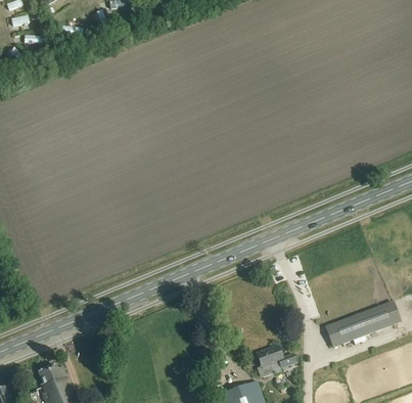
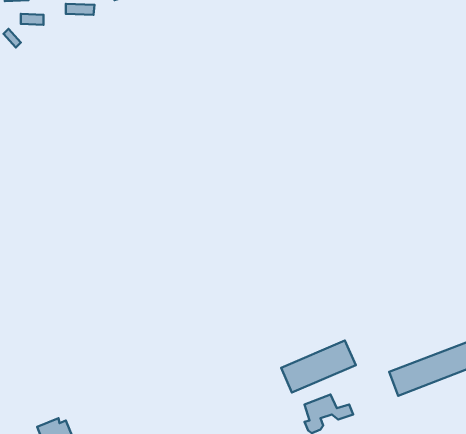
building: none -> [281,340,356,392]

